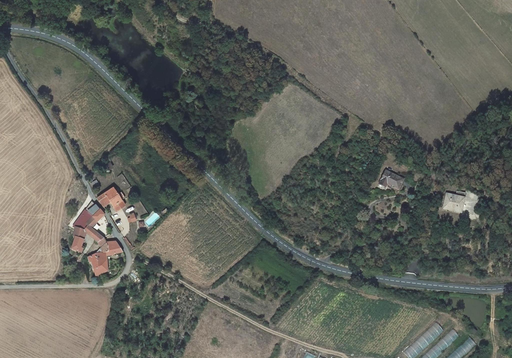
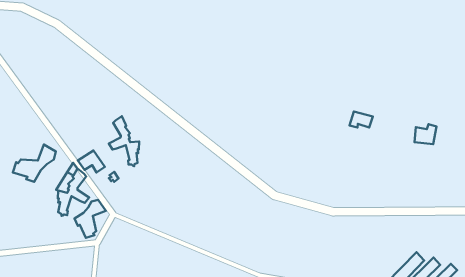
building: none -> [109,116,139,166]
building: none -> [13,145,56,182]

